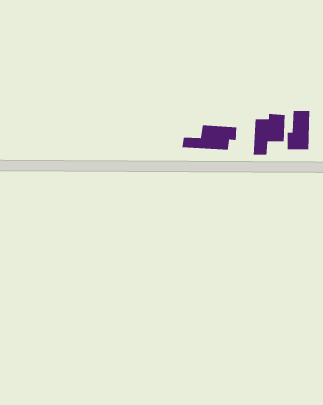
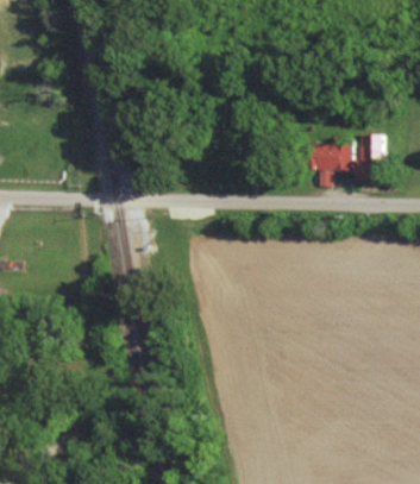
building: [182,125,237,151] -> none

